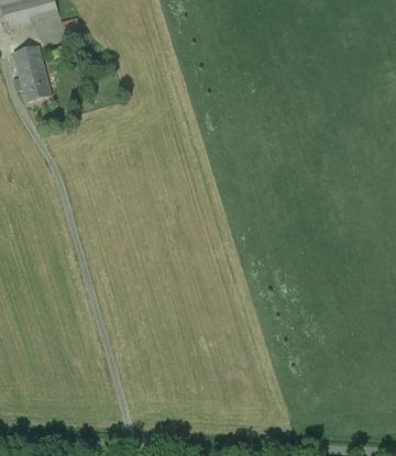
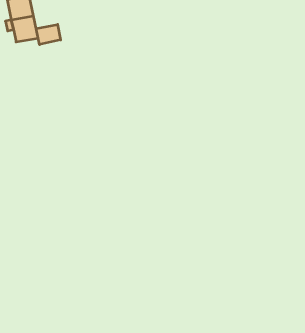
building: none -> [36,24,61,45]

